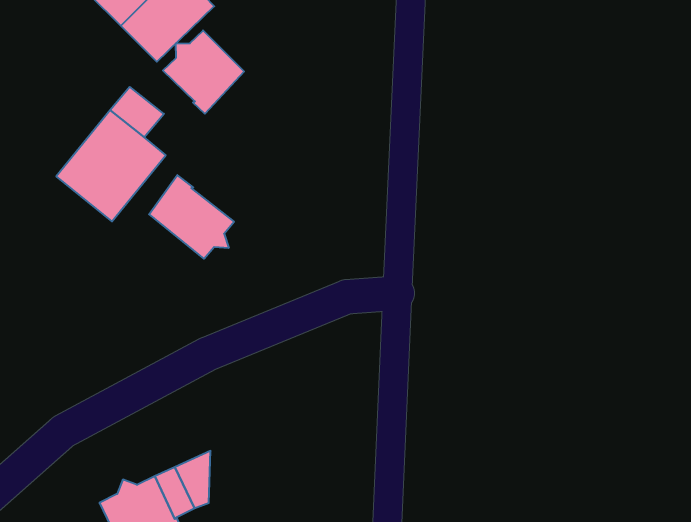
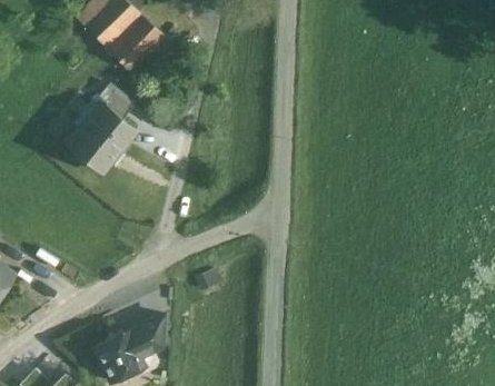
building: [163,30,244,114] -> none
building: [149,175,234,259] -> none

